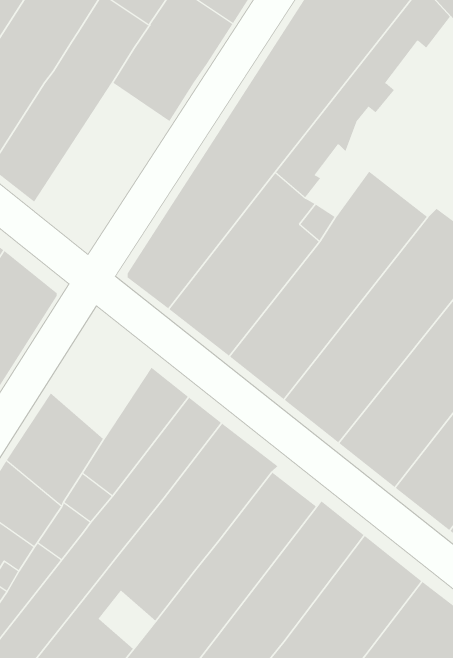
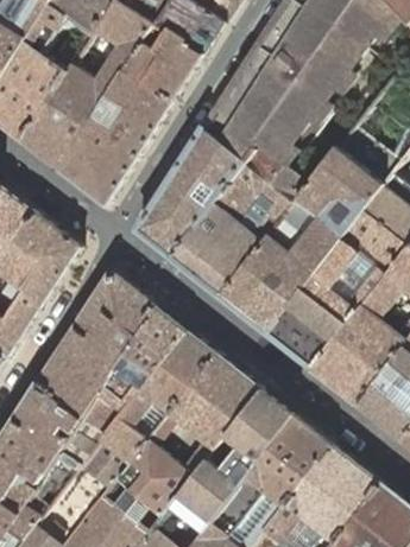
building: none -> [59,71,171,205]
building: none -> [72,271,156,364]
building: none -> [113,490,159,538]

